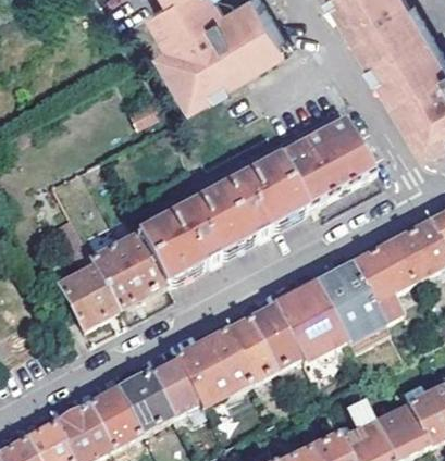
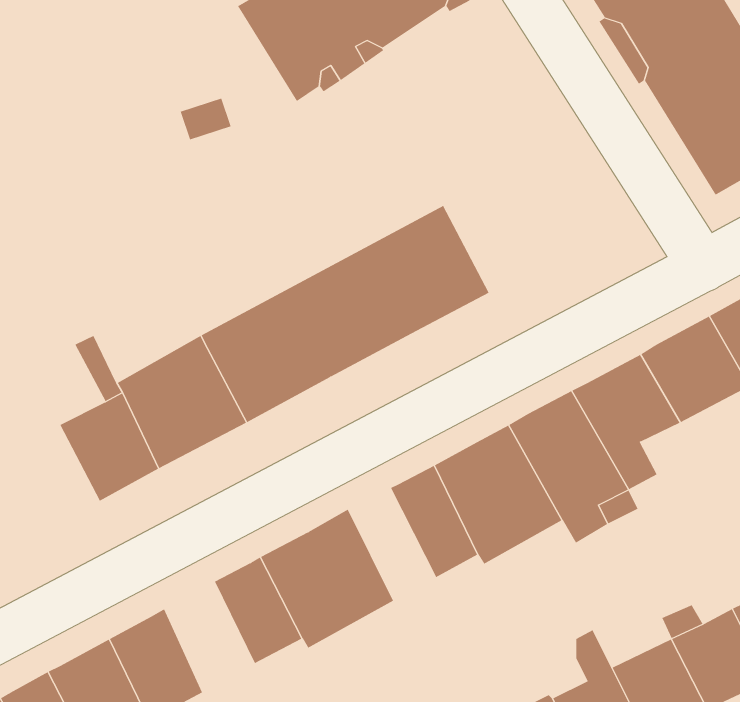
building: [271,120,370,210] -> none
building: [219,321,269,385] -> none
building: [114,374,165,437] -> none

